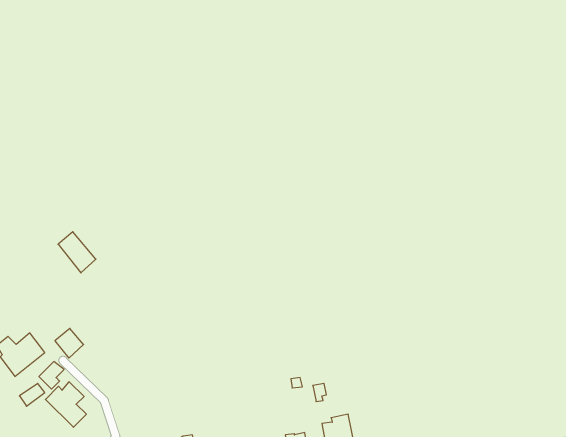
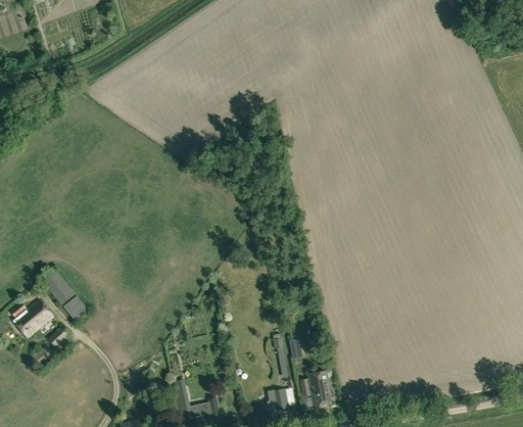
building: [58,232,96,273] -> [41,269,75,305]
building: [45,382,86,427] -> none

